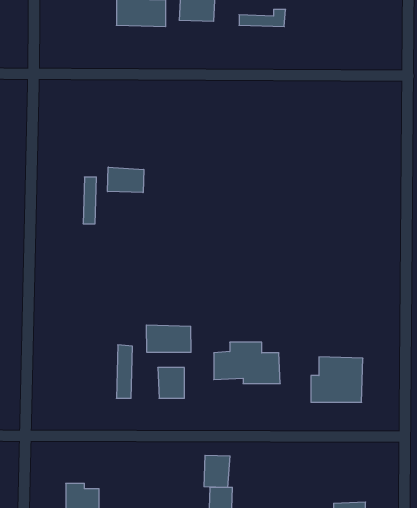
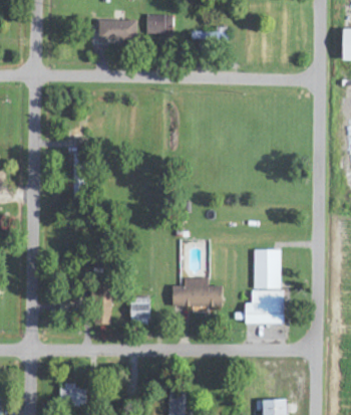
building: [108,167,144,193] -> none
building: none -> [253,249,280,289]
building: [147,325,191,352] -> none
building: [204,455,230,487] -> none

